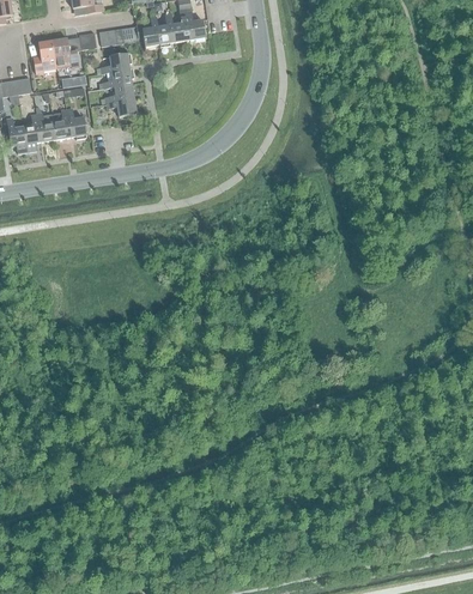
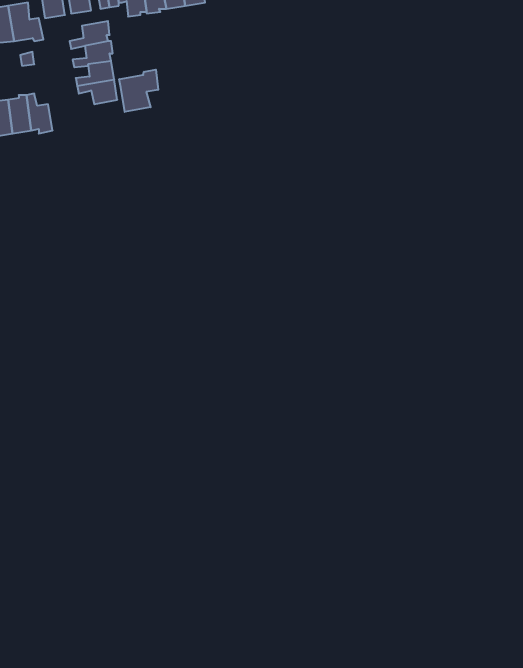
building: none -> [119,70,158,112]

